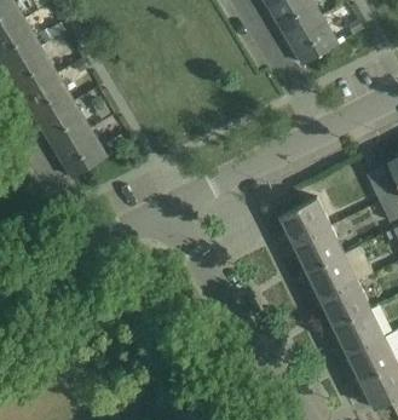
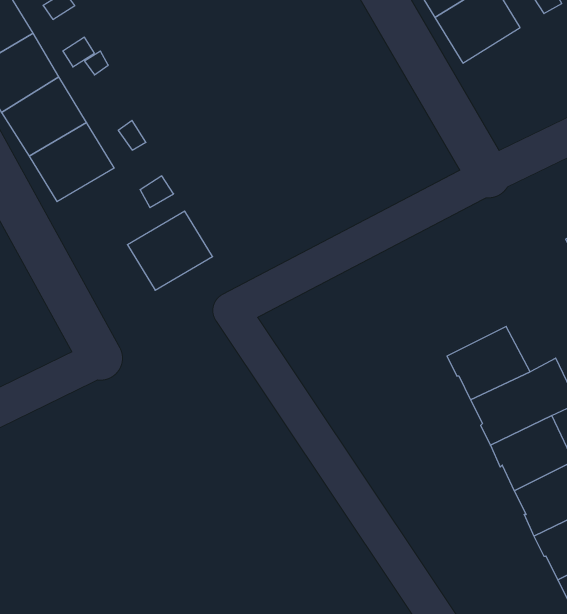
building: [56,130,108,178] -> [127,211,213,290]
building: [279,197,330,244] -> none

